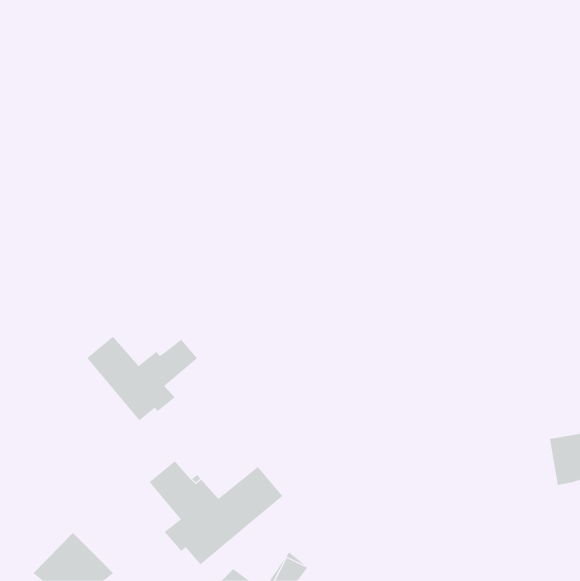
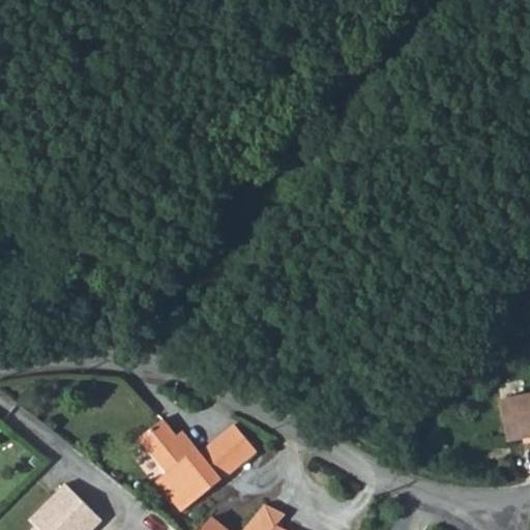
building: [86,336,198,421] -> none

